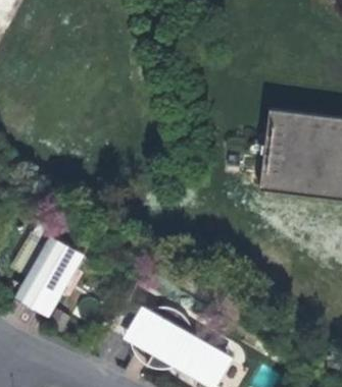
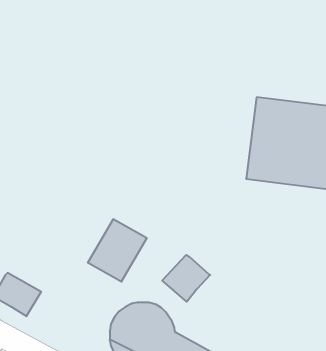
building: [28,235,85,295] -> [88,219,147,282]
building: none -> [162,255,210,302]

